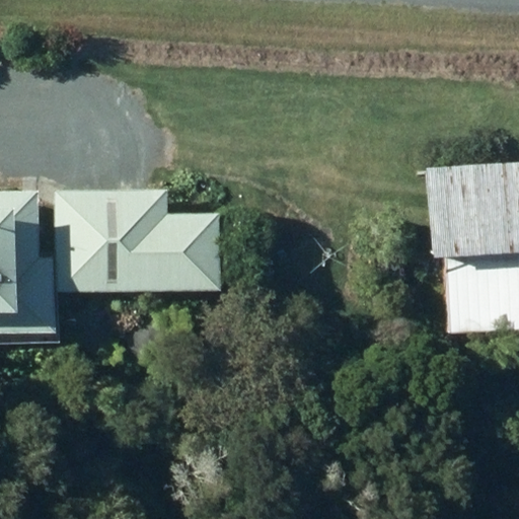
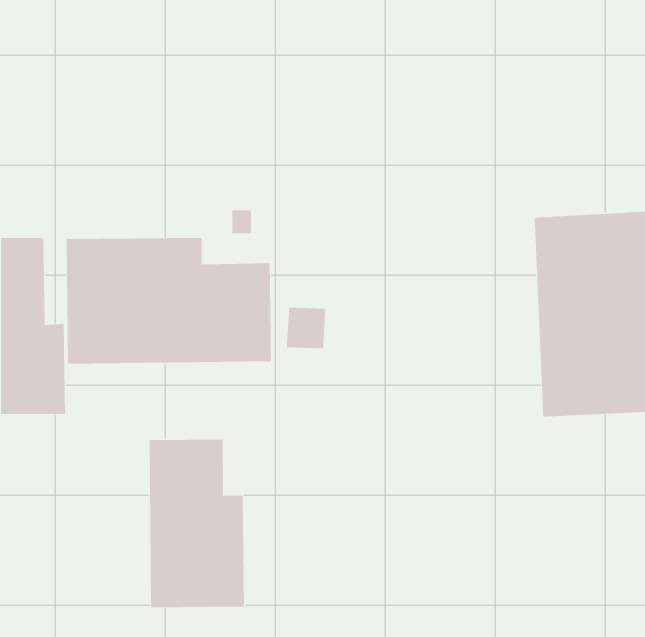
building: none -> [149,439,245,608]

